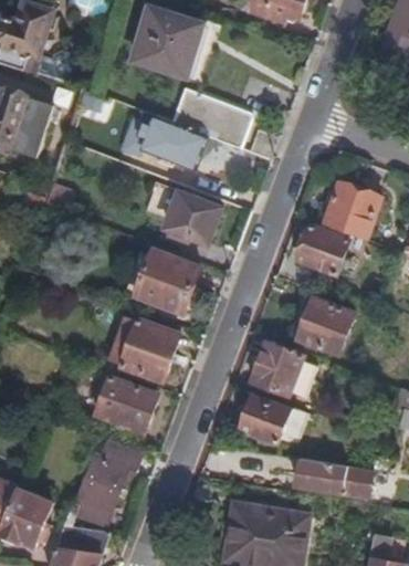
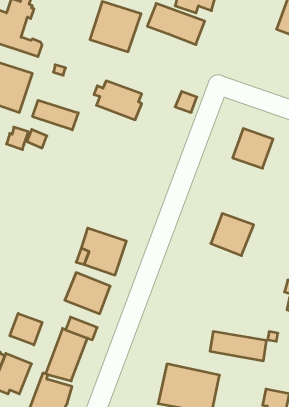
building: [171,92,250,148] -> [147,3,205,45]
building: none -> [33,100,78,130]
building: [166,191,221,245] -> none
building: [296,224,348,273] -> none
building: [135,251,198,313] -> none
building: [251,342,314,398] -> none
building: [238,396,305,446] -> none
building: none -> [10,313,42,345]

